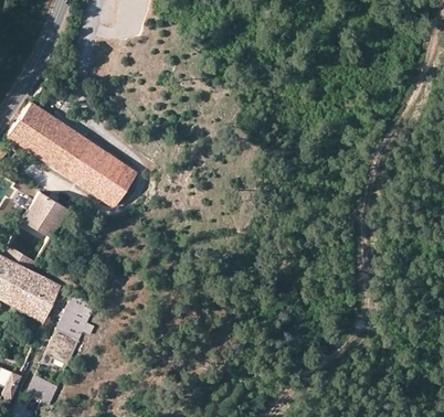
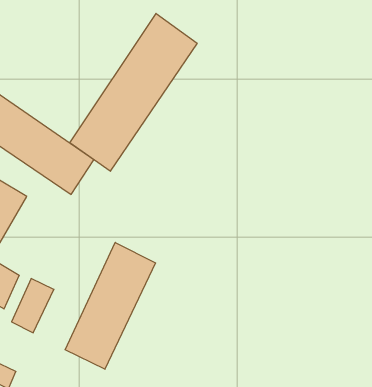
building: none -> [70,13,197,171]
building: none -> [65,242,156,369]

